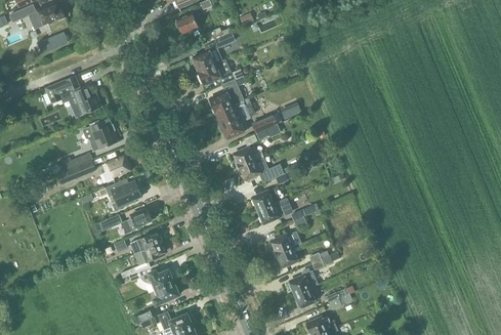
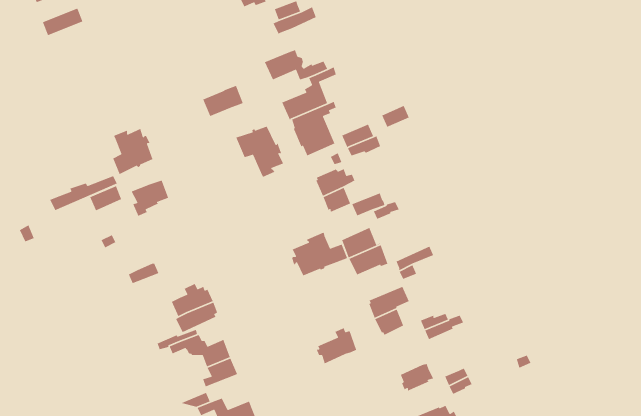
building: [193,47,222,71] -> [202,85,244,118]
building: [45,75,101,117] -> none
building: none -> [235,125,284,178]
building: [97,177,141,206] -> none
building: none -> [291,232,348,276]
building: [121,208,151,234] -> none
building: [288,267,318,294] -> [316,327,357,364]

